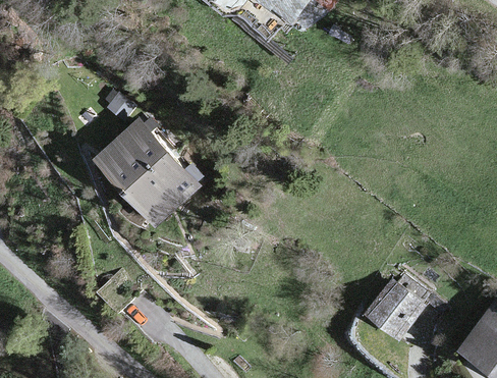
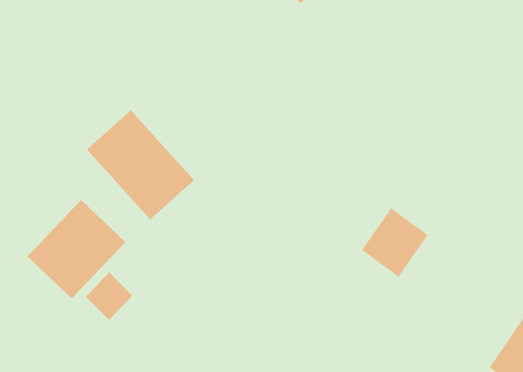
building: none -> [27,199,126,299]
building: [366,280,426,342] -> [361,208,429,277]

